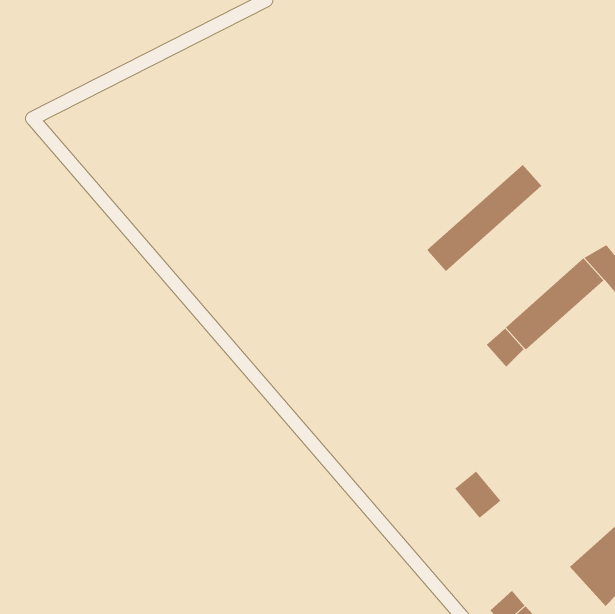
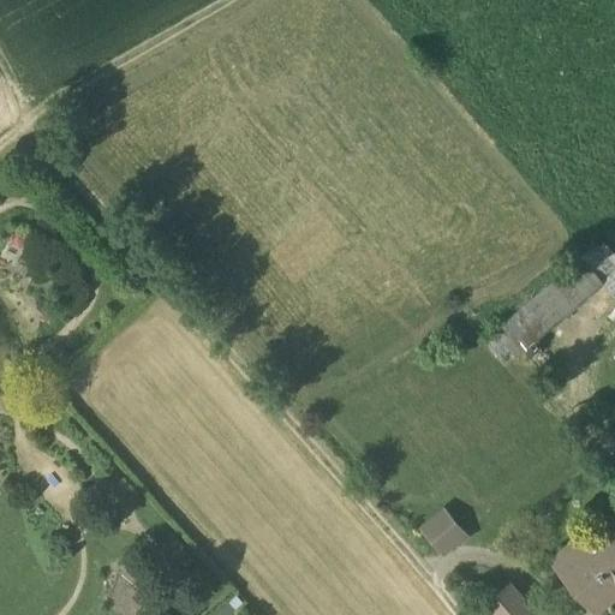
building: [427,164,542,272] -> none
building: [454,470,501,519] -> [422,507,468,555]

